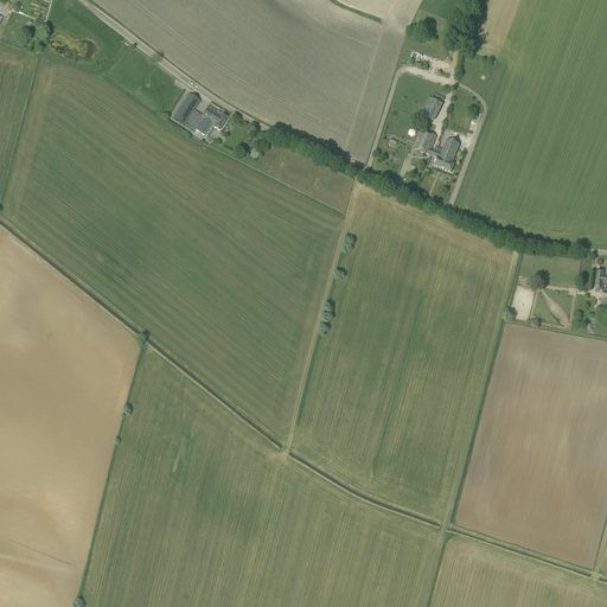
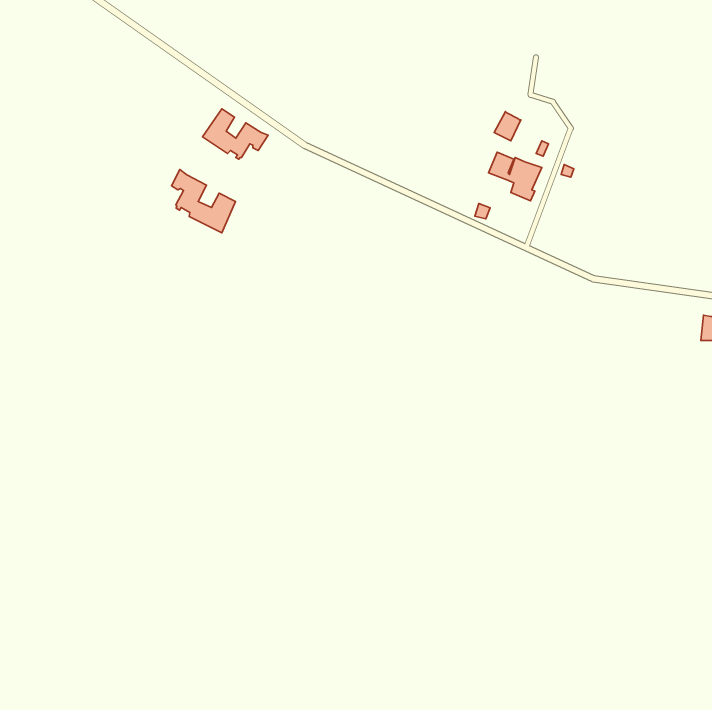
building: none -> [171,169,236,233]

